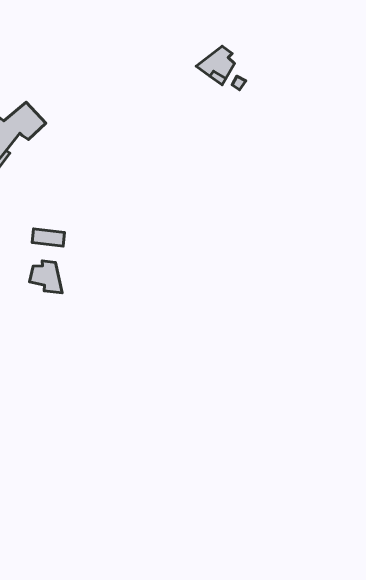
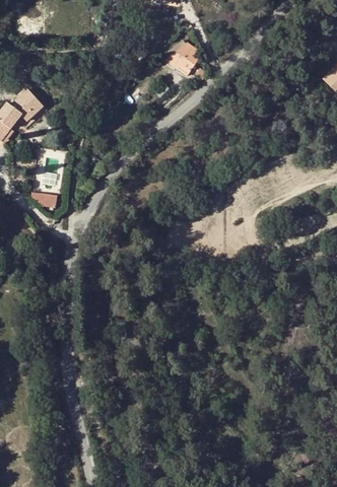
building: [29,261,62,293] -> none

